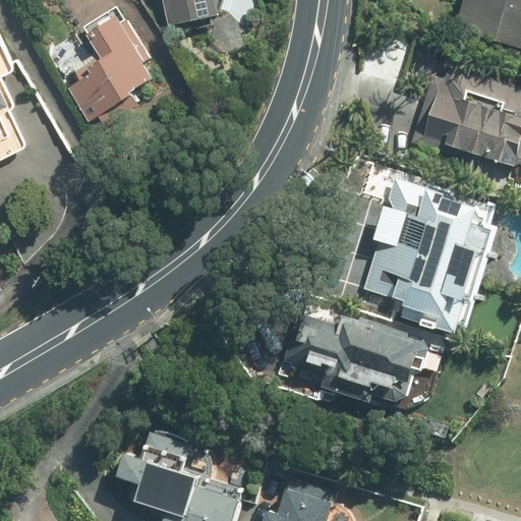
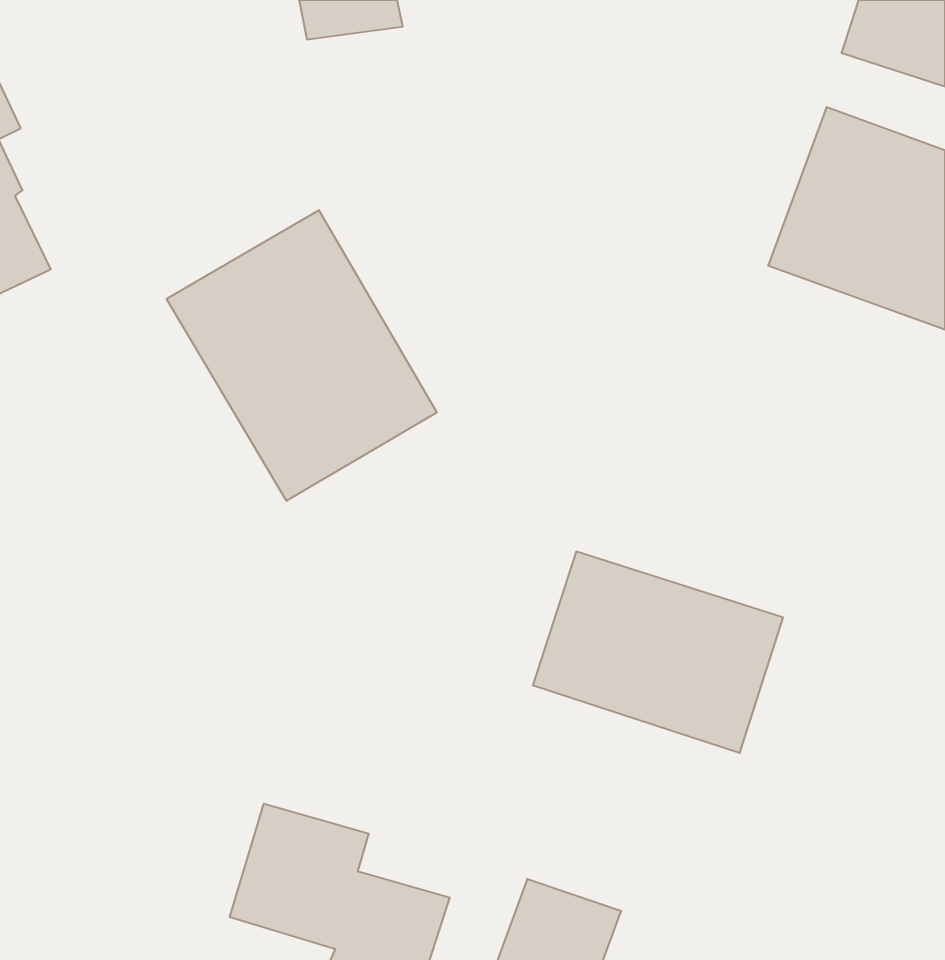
building: [63,13,157,124] -> none
building: none -> [167,210,437,501]
building: [367,179,496,330] -> none

